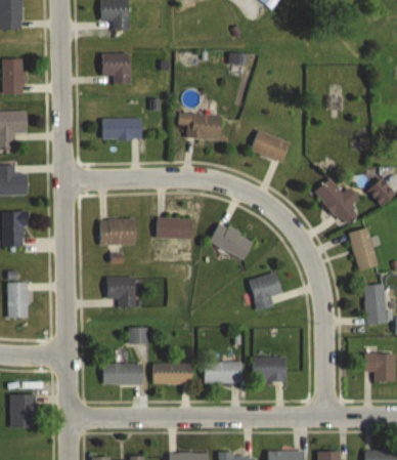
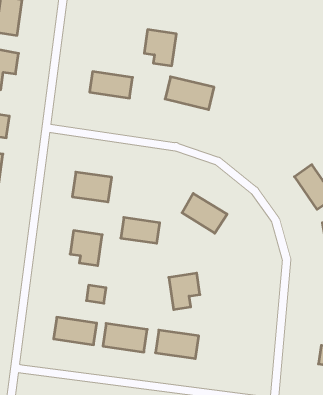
building: [102,52,131,84] -> [144,30,176,66]
building: [251,128,291,162] -> none
building: [157,217,192,238] -> [121,217,160,243]
building: [249,271,281,310] -> [169,273,200,310]
building: [252,357,285,381] -> none

